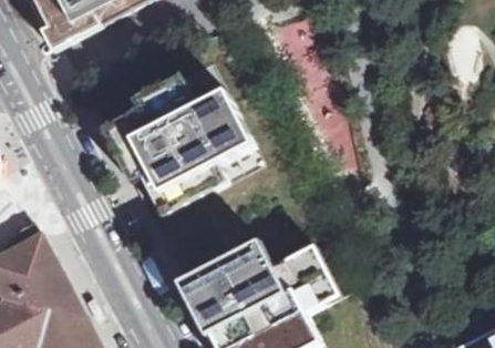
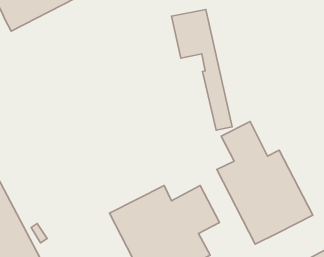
building: [104,78,254,217] -> none
building: none -> [217,122,313,244]

